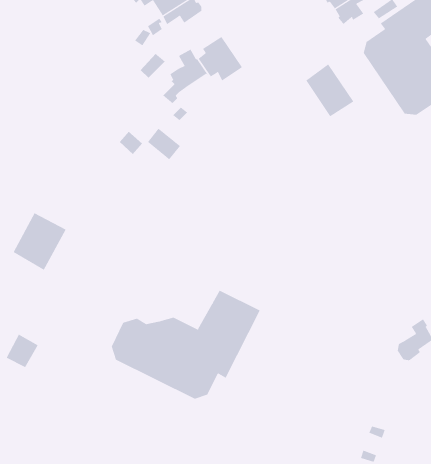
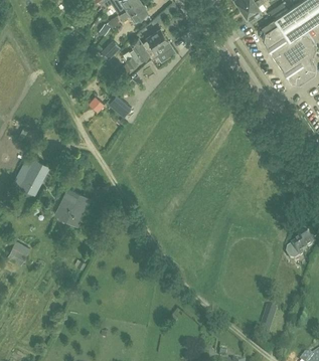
building: [306,64,354,117] -> none
building: none -> [54,186,89,222]
building: [111,290,260,399] -> none

